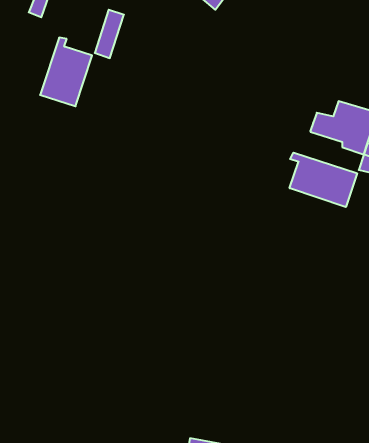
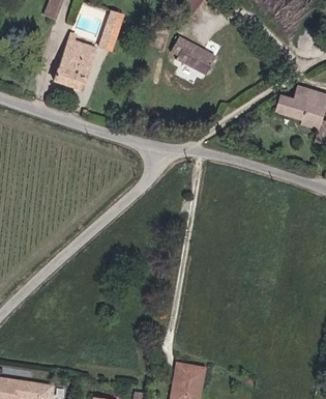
building: none -> [171,36,215,75]
building: [290,153,357,207] -> none

